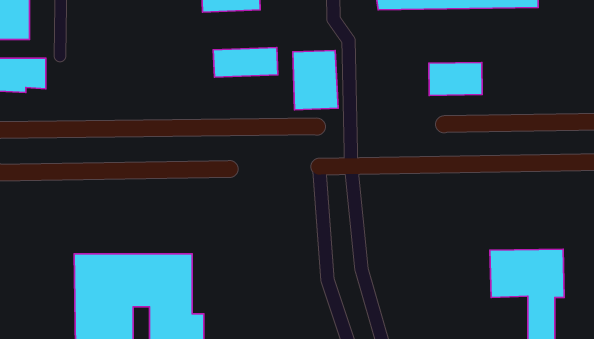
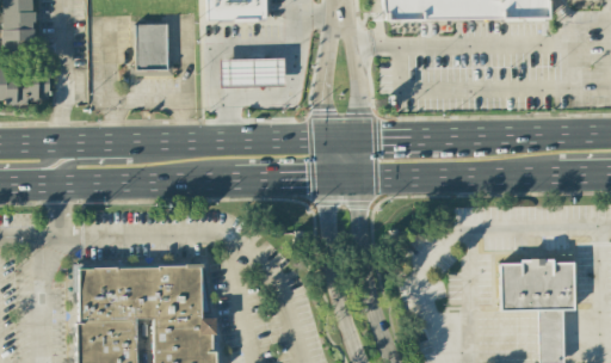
building: none -> [135,24,173,75]
building: [293,50,338,110] -> none
building: [429,62,482,95] -> none

